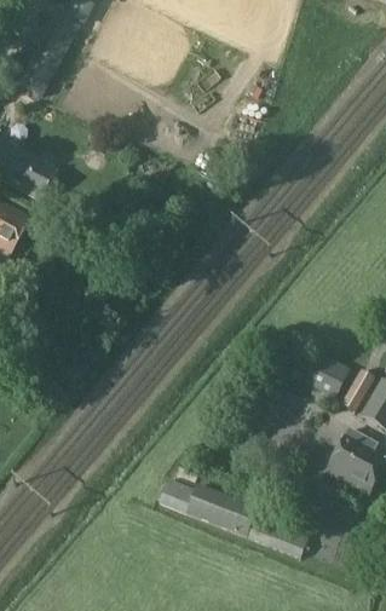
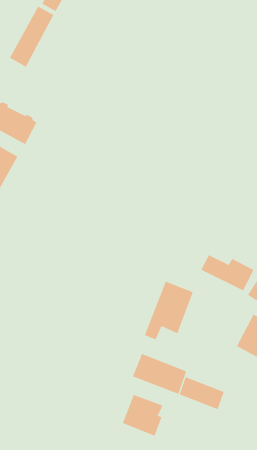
building: none -> [144,281,194,340]
building: [159,474,195,511] -> none
building: none -> [122,394,163,436]

